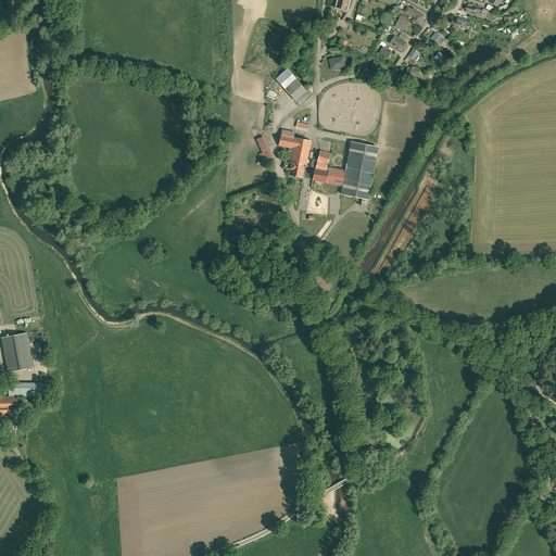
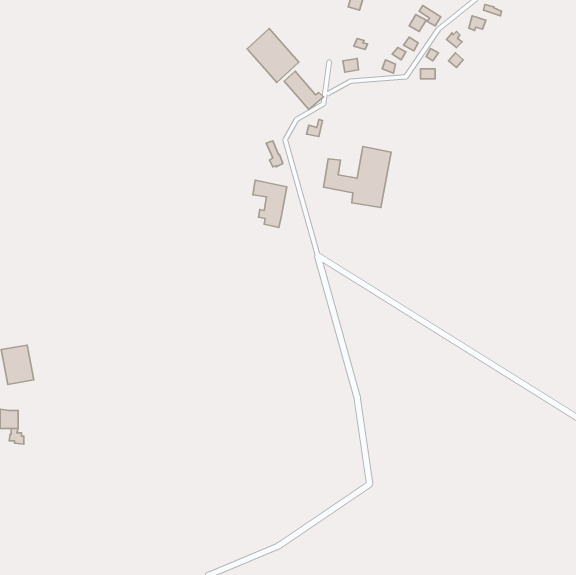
building: none -> [247,28,299,82]
building: [279,130,312,176] -> [253,180,287,227]

